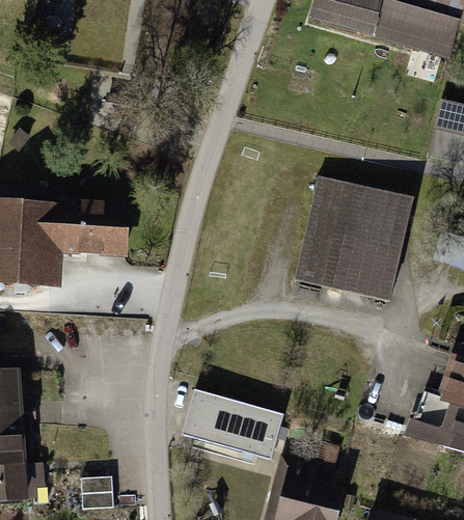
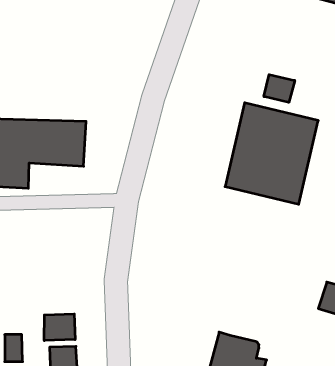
building: none -> [264,75,295,102]
building: [189,383,292,457] -> none
building: none -> [44,314,75,341]

